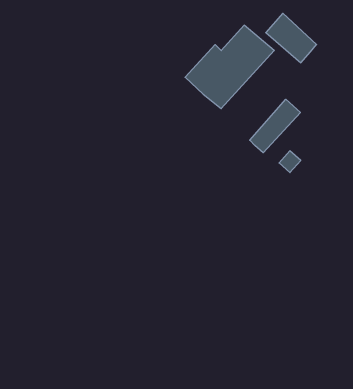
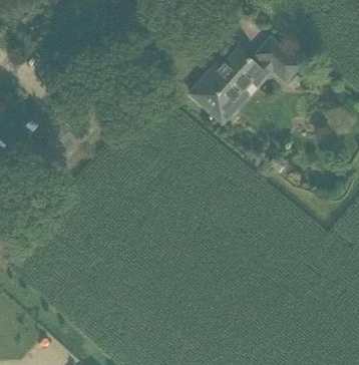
building: [250,99,300,153] -> none

